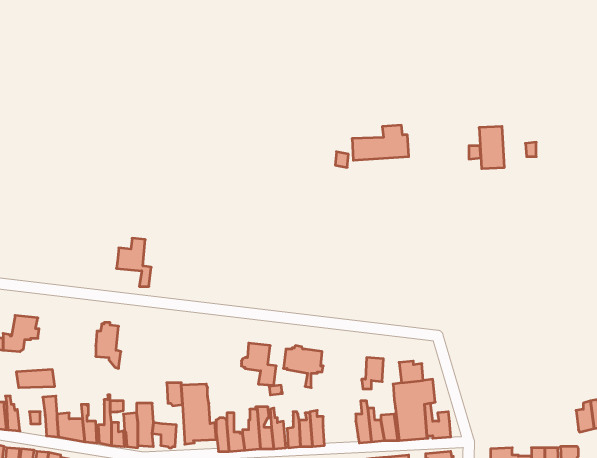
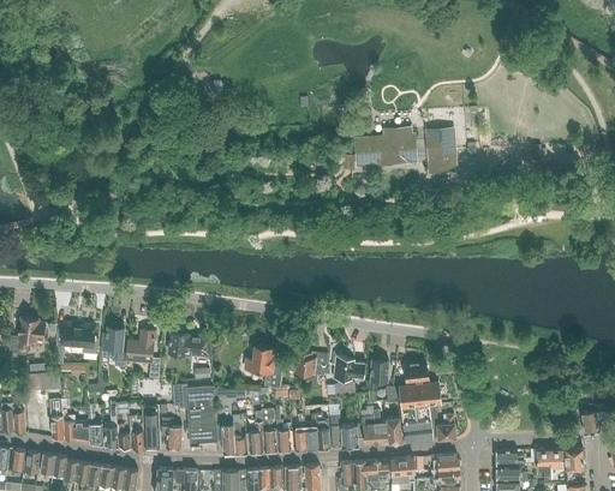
building: [479,126,504,169] -> [428,131,453,173]
building: [116,238,151,286] -> [125,333,160,381]
building: none -> [54,324,97,367]
building: none -> [168,331,210,359]
building: none -> [332,354,365,396]
building: none -> [329,418,363,449]

